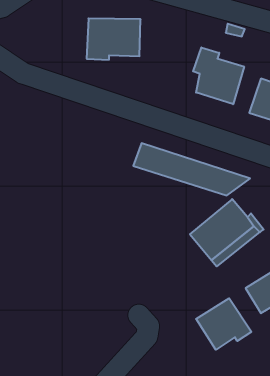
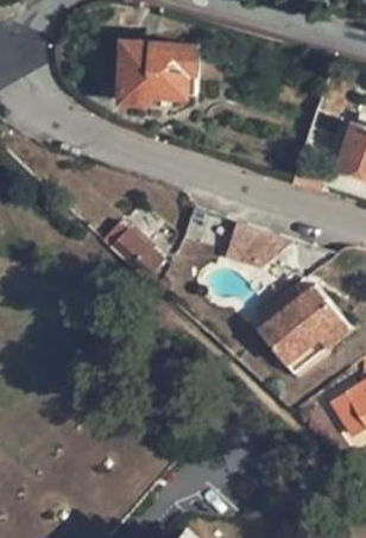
building: [193,47,244,104] -> none
building: none -> [102,223,162,280]
building: [196,298,251,350] -> none

